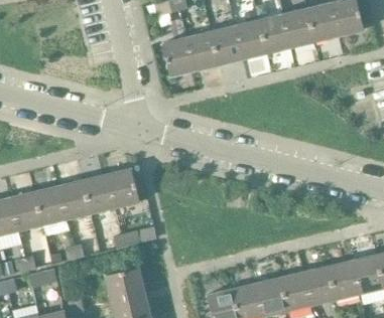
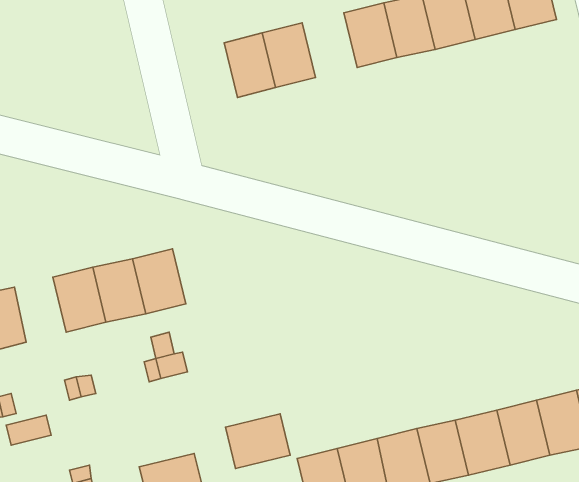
building: [210,25,243,64] -> none
building: [35,185,67,224] -> none
building: [105,267,144,300] -> [225,414,290,469]

